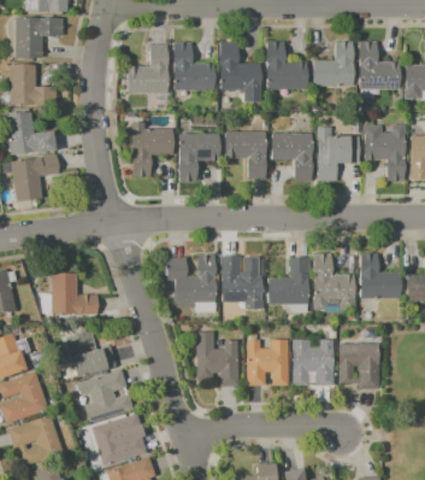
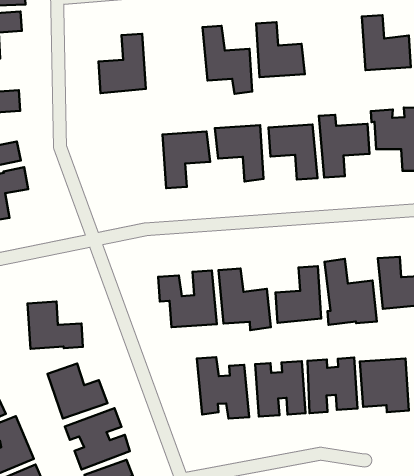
building: [313,41,353,87] -> none
building: [175,42,214,89] -> none
building: [131,122,173,176] -> none

